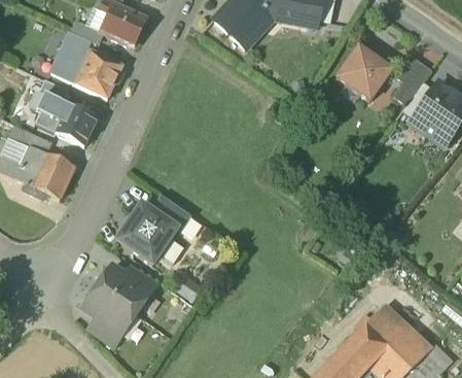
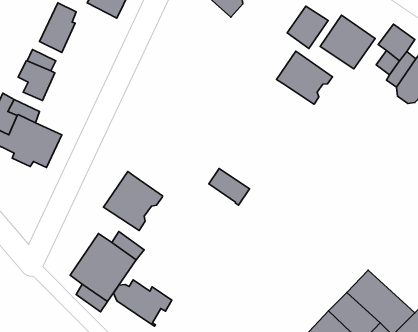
building: none -> [287,6,328,49]
building: [75,50,123,98] -> none
building: none -> [277,51,333,104]
building: [56,103,98,145] -> none
building: [150,194,191,231] -> [209,169,250,205]
building: none -> [114,280,172,326]

